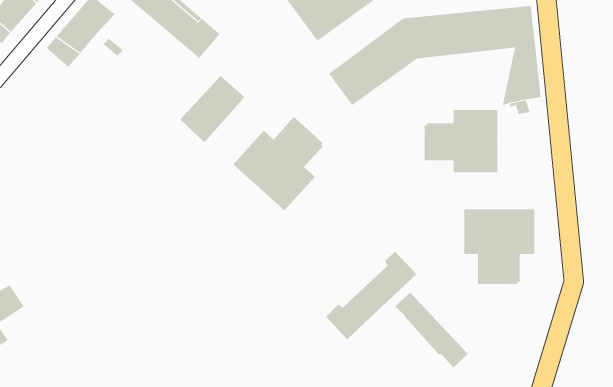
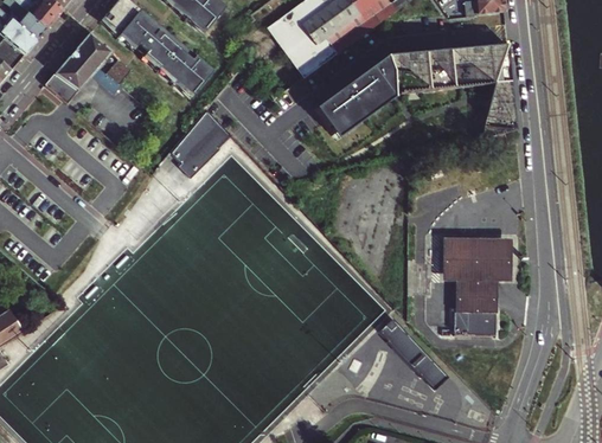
building: [424,109,498,173] -> none
building: [233,116,324,211] -> none
building: [325,251,417,340] -> none
building: none -> [454,307,499,336]

